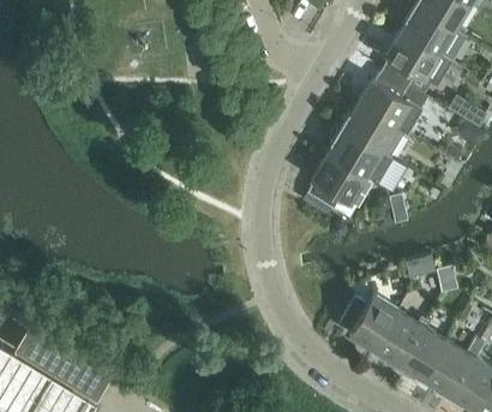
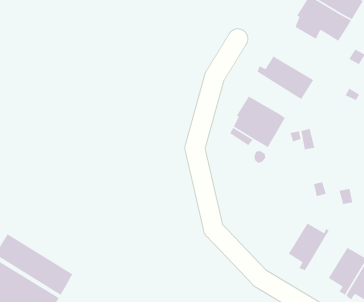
building: [356,71,430,137] -> none
building: [326,126,380,178] -> none
building: [340,295,398,350] -> none
building: [396,321,448,380] -> none

